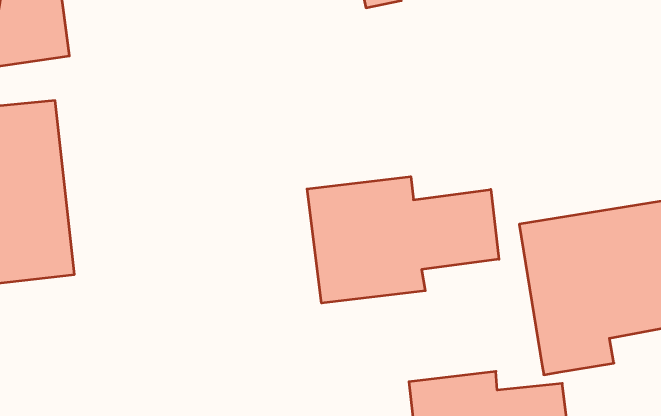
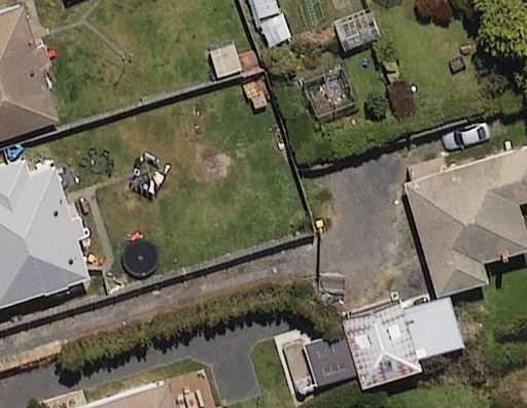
building: [307,177,499,303] -> none

